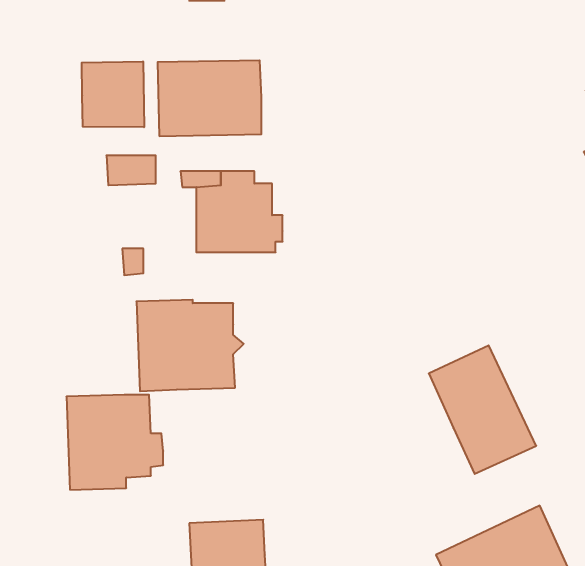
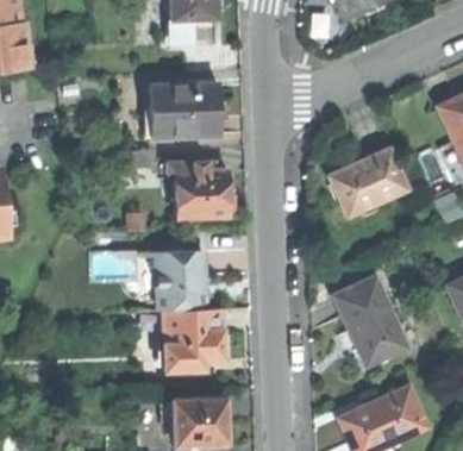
building: [82,61,144,127] -> none
building: none -> [330,151,406,218]
building: [66,395,163,490] -> [164,307,230,371]

